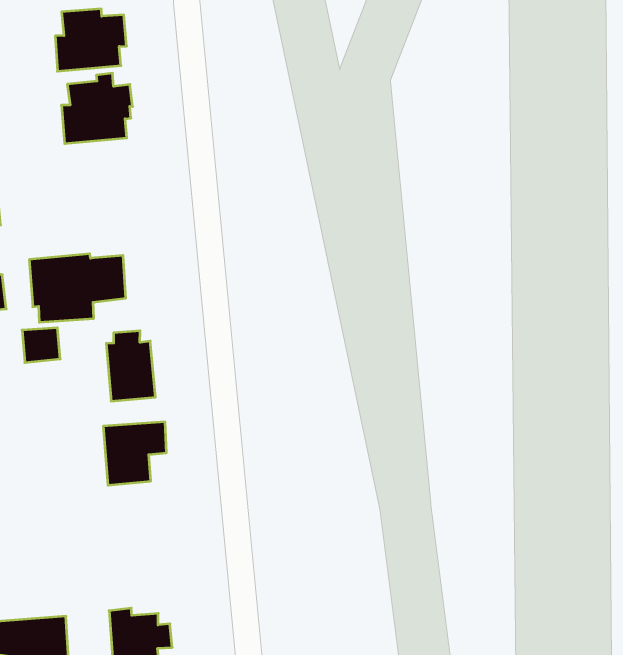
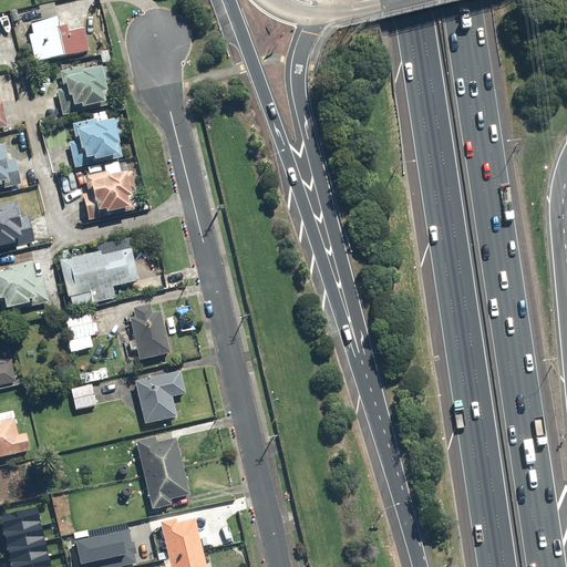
building: none -> [82,169,137,219]
building: none -> [70,383,96,410]
building: none -> [134,436,188,509]

